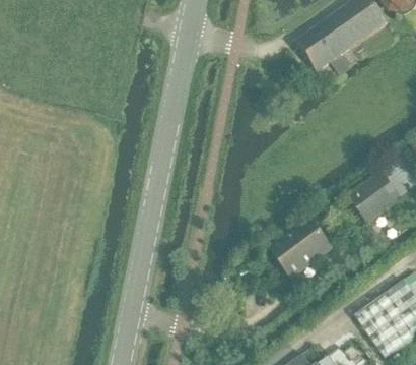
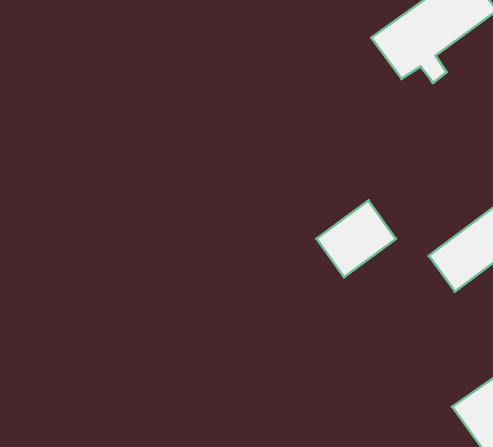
building: [272,220,331,277] -> [316,200,396,277]

